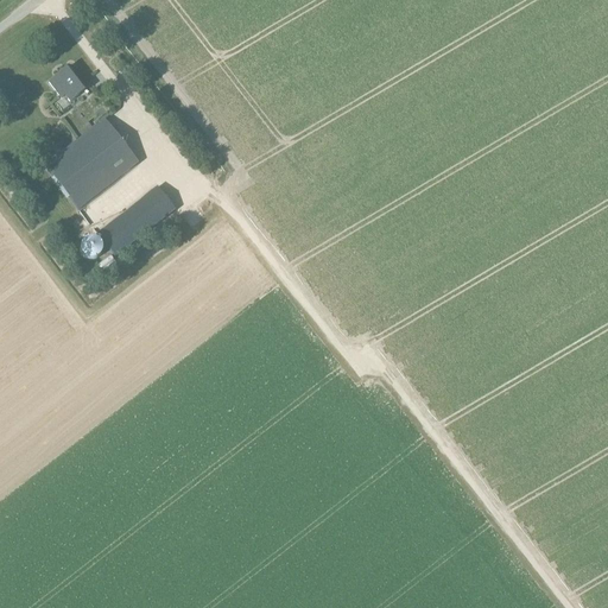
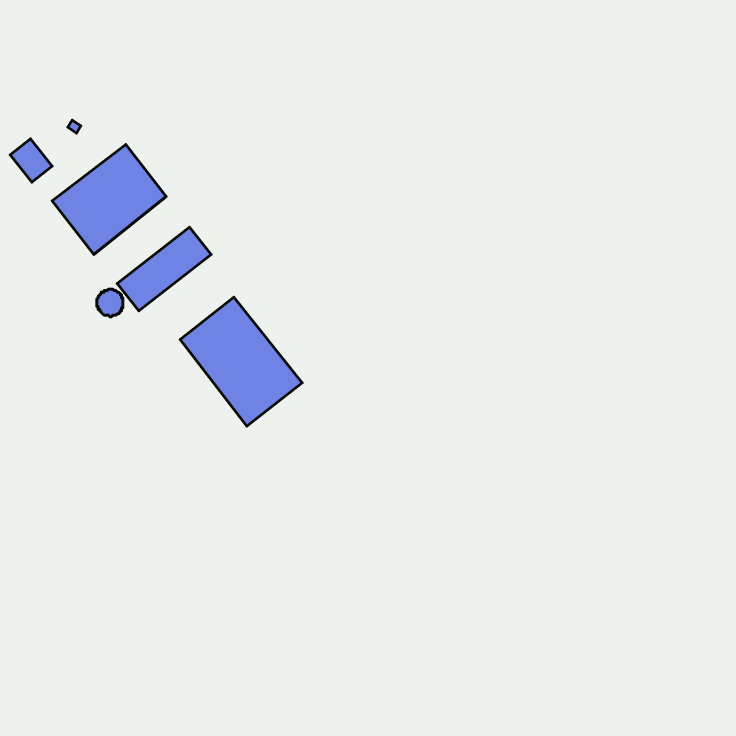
building: [53,65,88,101] -> [10,139,52,182]
building: none -> [180,297,302,426]

